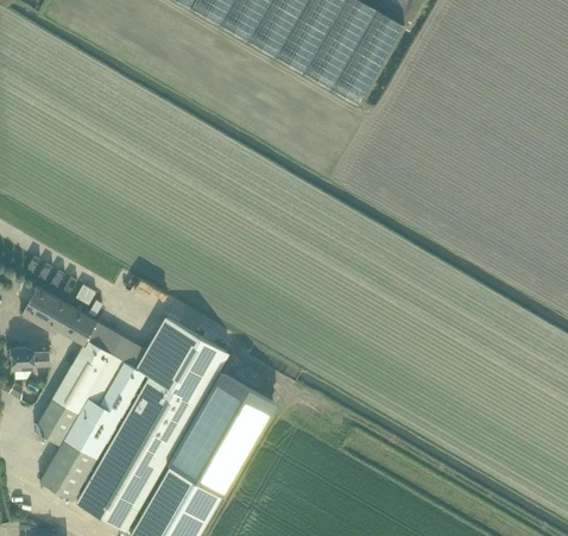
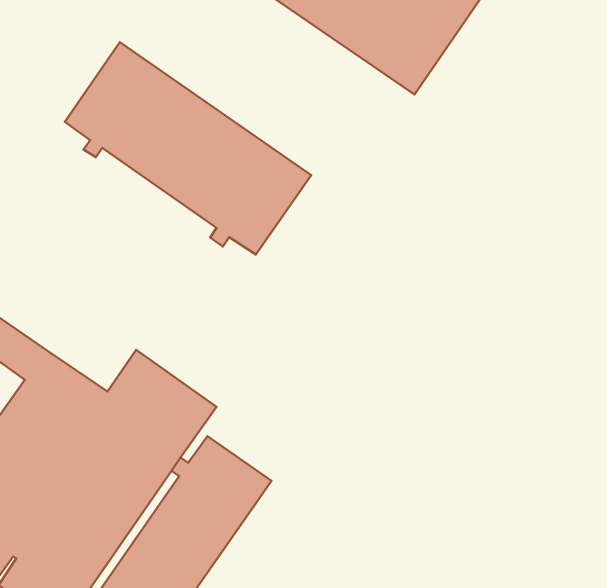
building: none -> [65,42,311,255]

